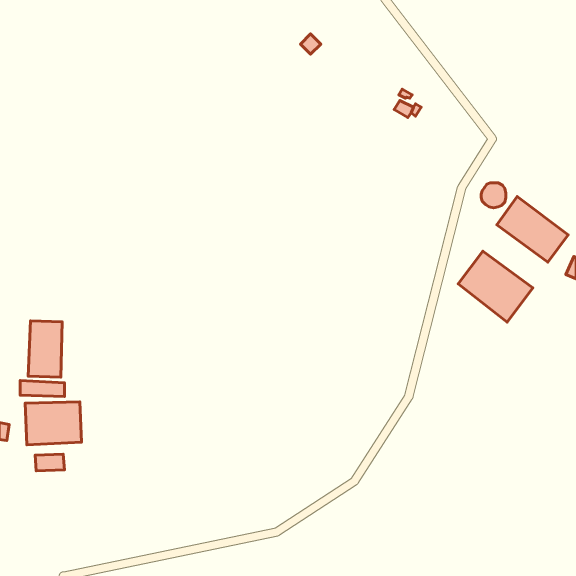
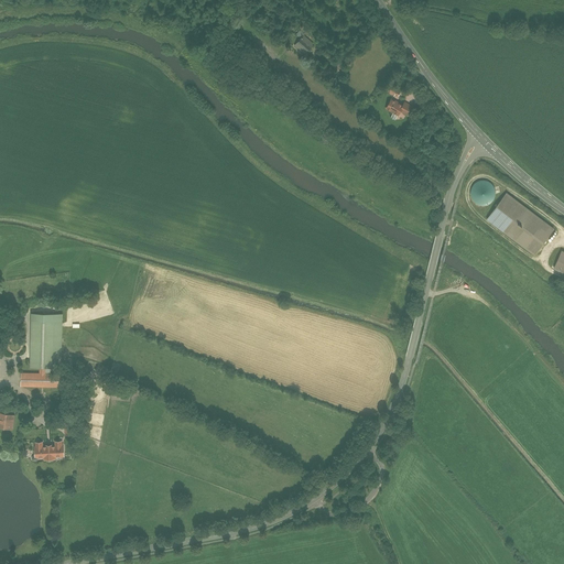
building: [458,251,533,322] -> none
building: [25,402,81,445] -> none

